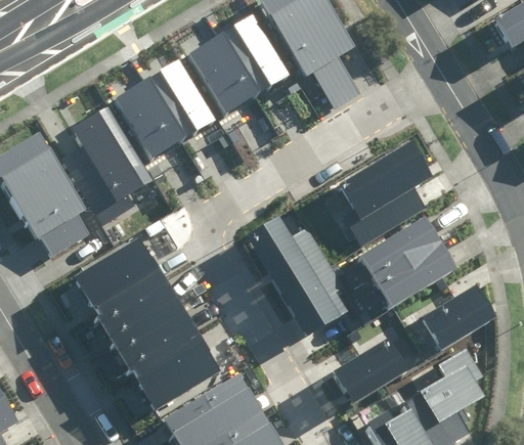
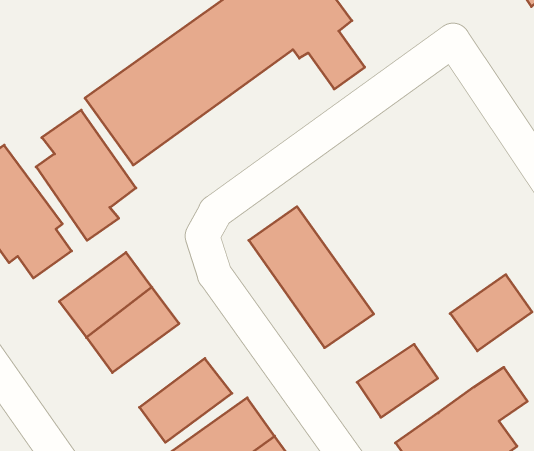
building: [338,143,430,237] -> none
building: [362,220,455,306] -> none
building: [118,304,201,375] -> none

